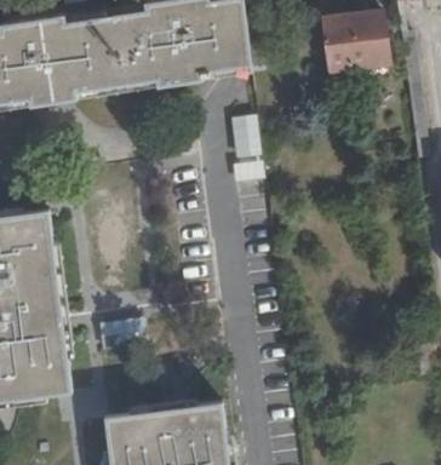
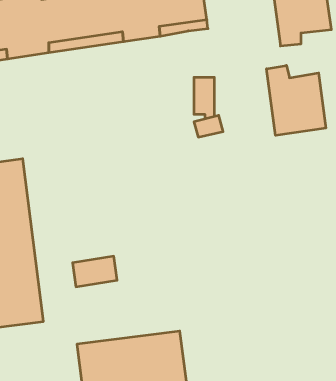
building: none -> [267,65,326,135]

